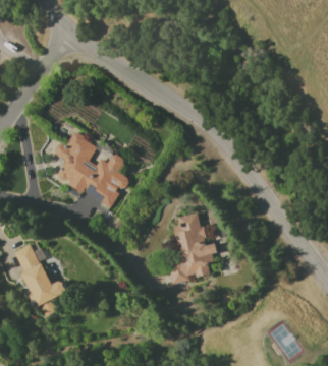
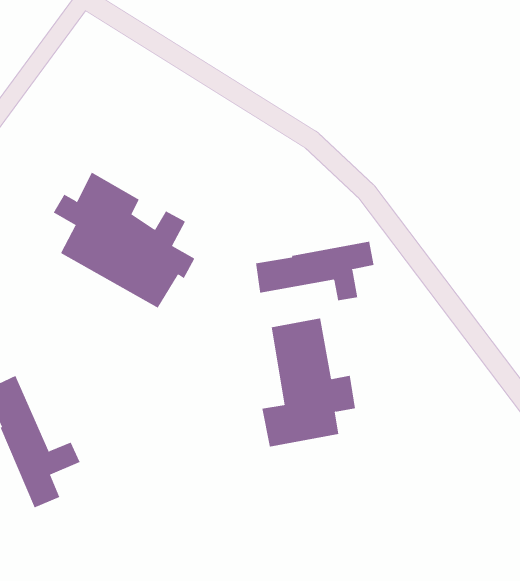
building: none -> [255,241,374,301]

